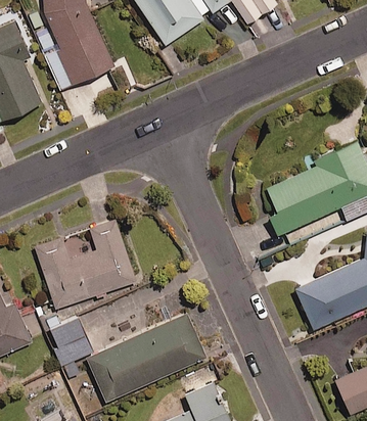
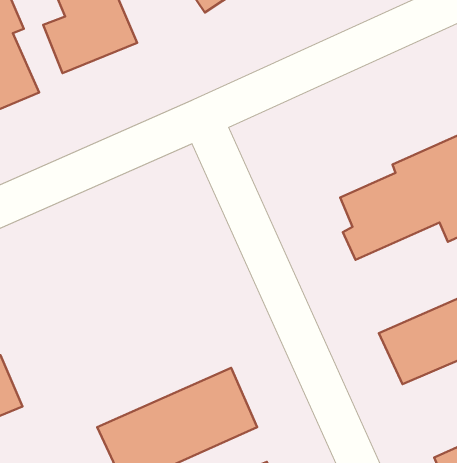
building: [37,225,135,309] -> none
building: [48,318,91,378] -> none

